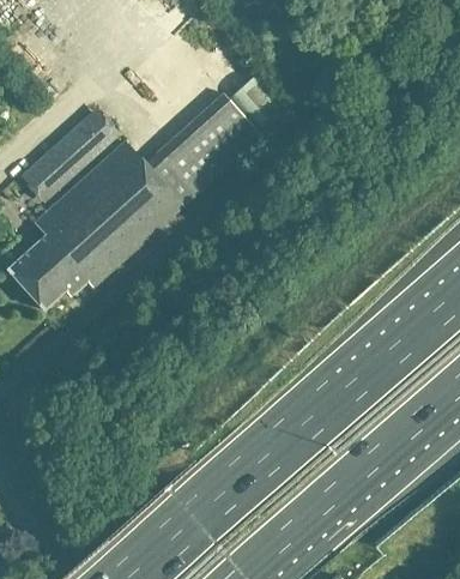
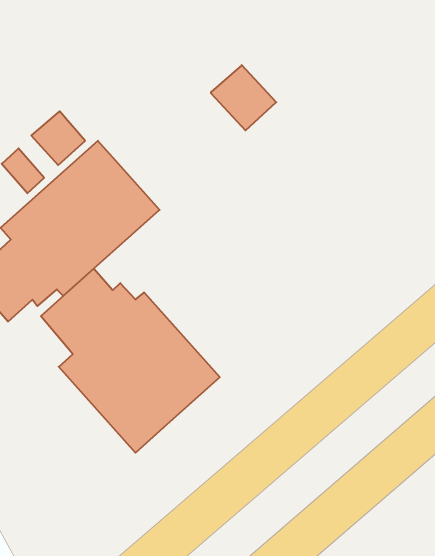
building: [143,92,261,206] -> none
building: none -> [41,269,220,453]

